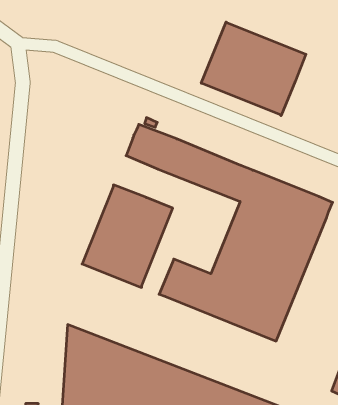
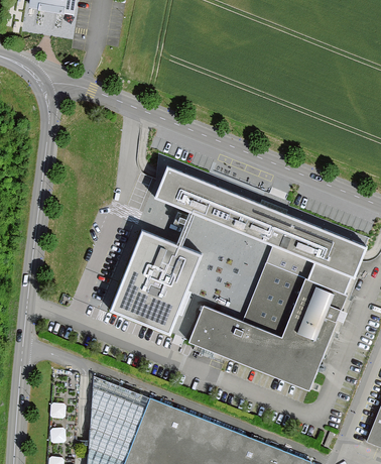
building: [201,22,306,116] -> none
building: none -> [169,214,271,343]

